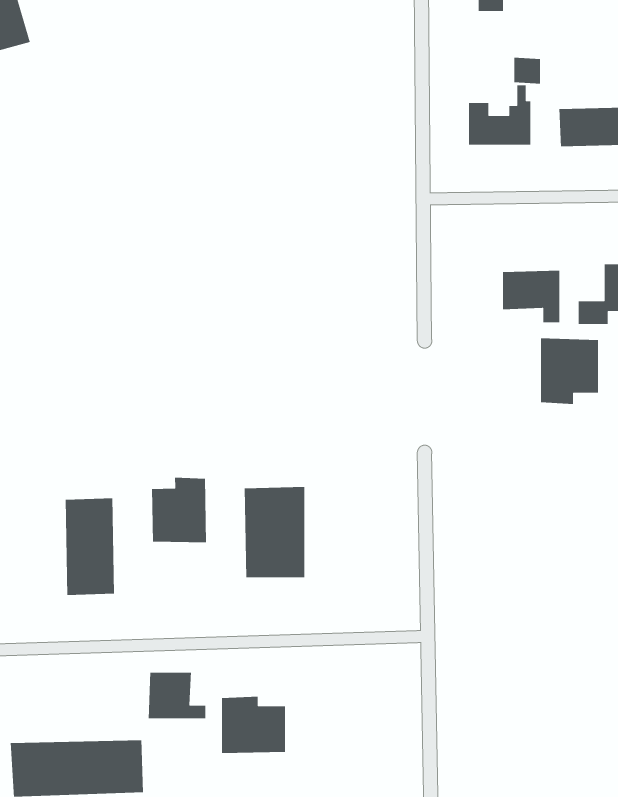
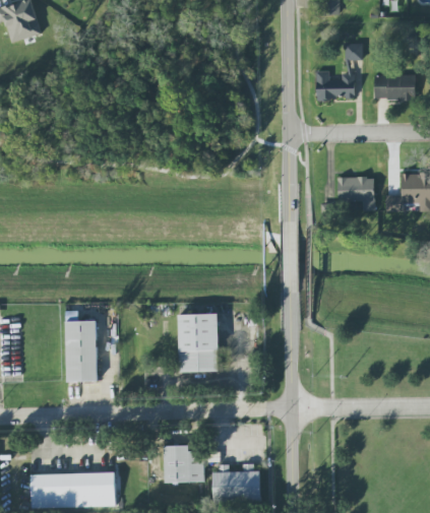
building: [540,337,599,405] -> none
building: [151,477,207,543] -> none
building: [148,672,206,719] -> none
building: none -> [212,463,260,503]

